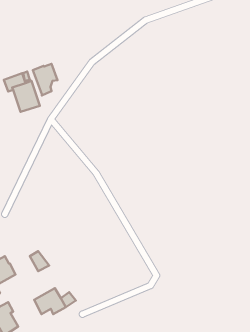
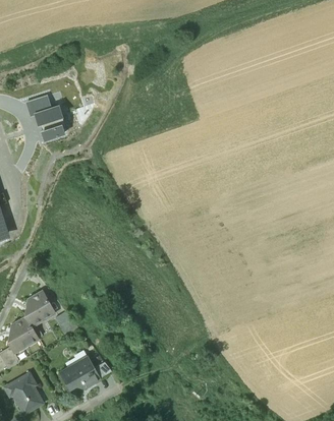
building: [33,64,57,95] -> none
building: none -> [22,291,53,326]

